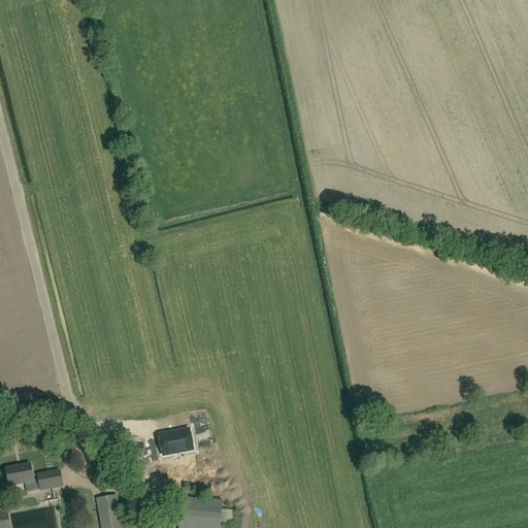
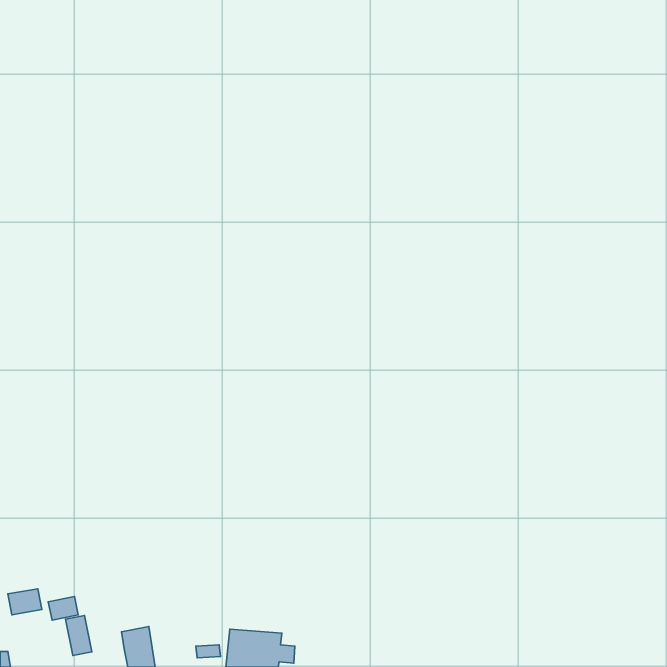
building: [159,431,193,456] -> none
building: none -> [66,616,92,655]

